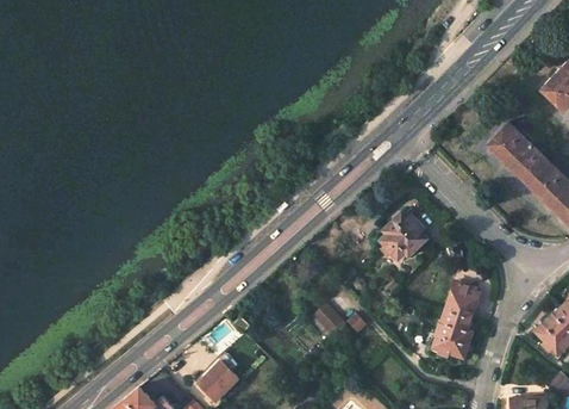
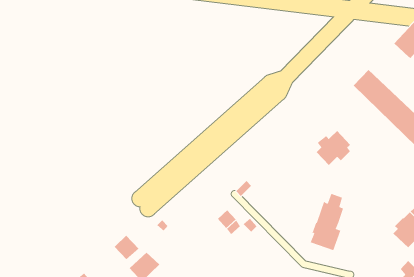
building: [380,213,425,260] -> [316,130,351,166]
building: none -> [114,235,139,260]

